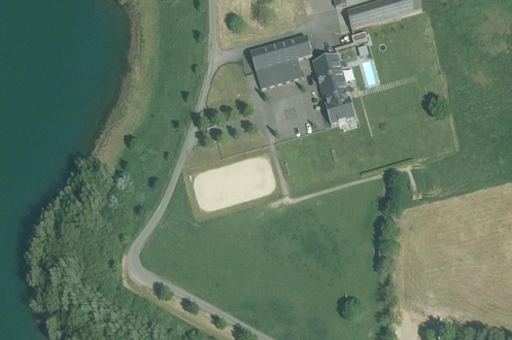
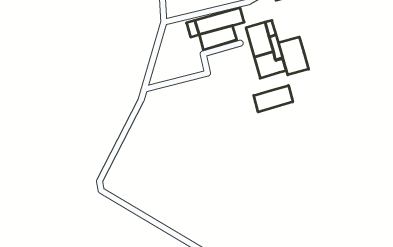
building: none -> [278,37,309,75]
building: none -> [254,85,293,112]

